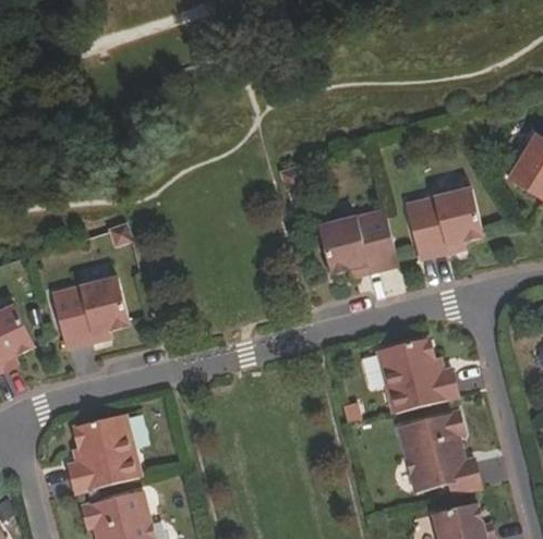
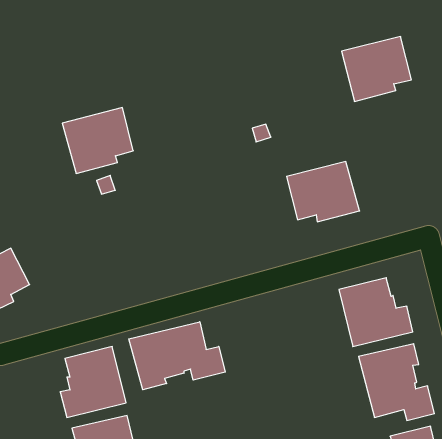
building: [406,186,483,258] -> [342,37,411,101]
building: [50,278,129,351] -> [62,108,133,173]
building: none -> [129,322,225,390]

